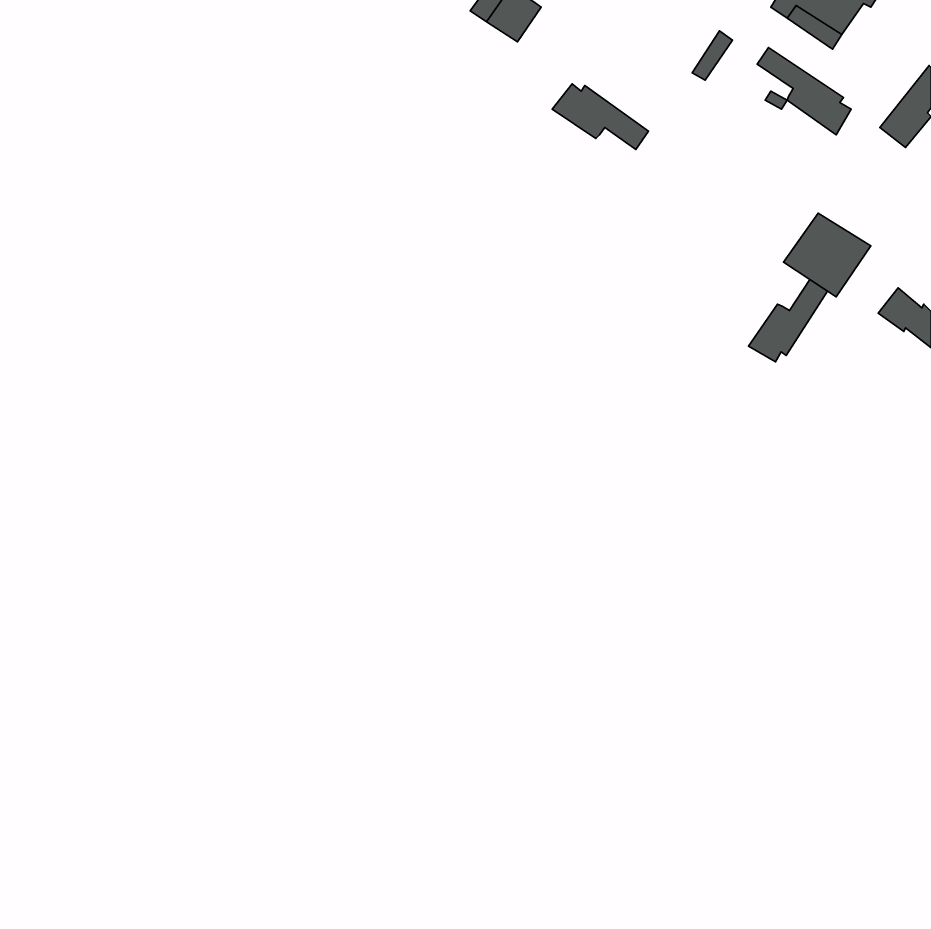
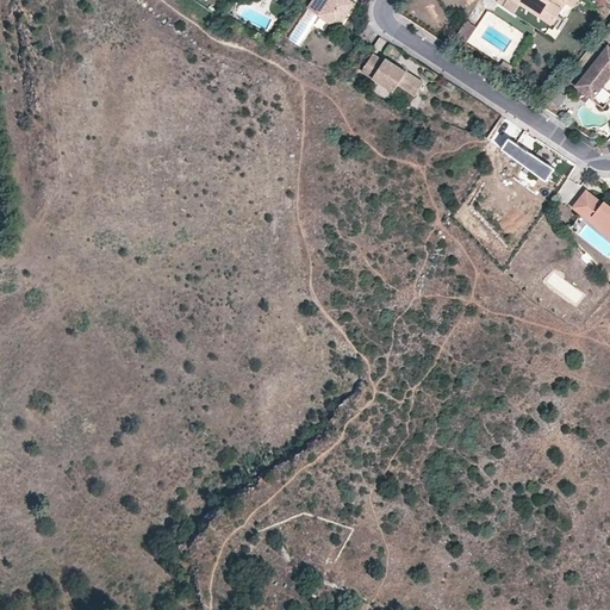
building: [757,47,851,135] -> none
building: [749,280,828,362] -> none

